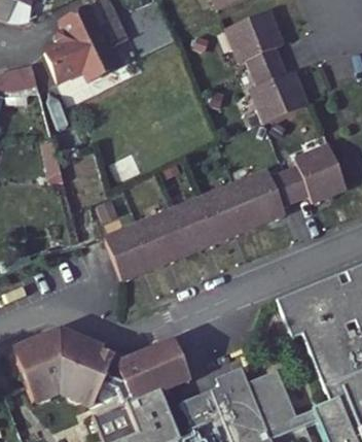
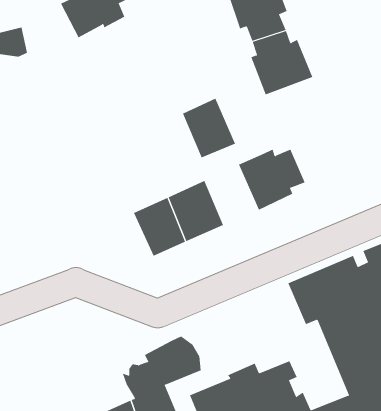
building: [270,145,332,203] -> none
building: [191,186,241,242] -> [182,98,236,158]
building: [102,231,144,281] -> none
building: [8,328,119,400] -> none

